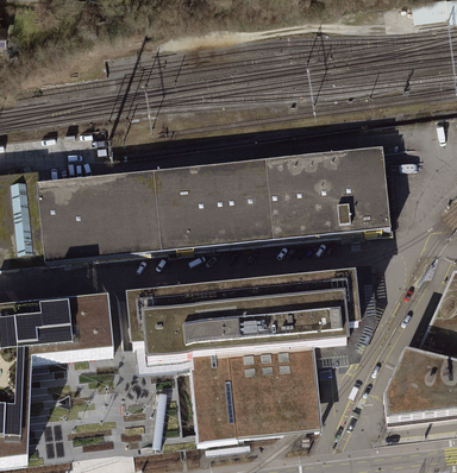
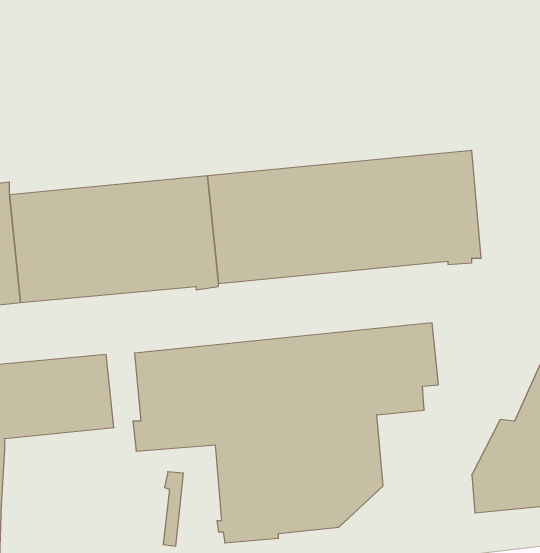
building: [283,401,319,431] -> none

